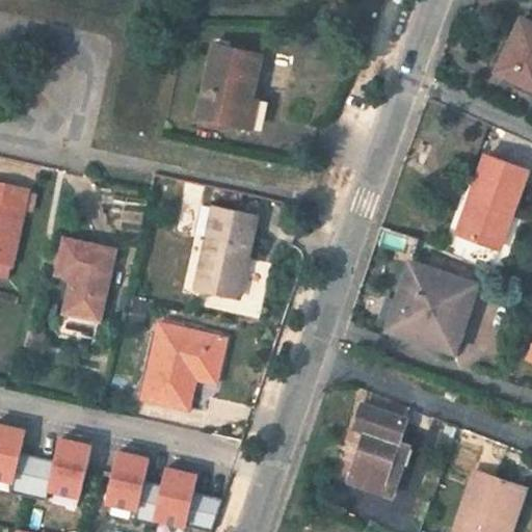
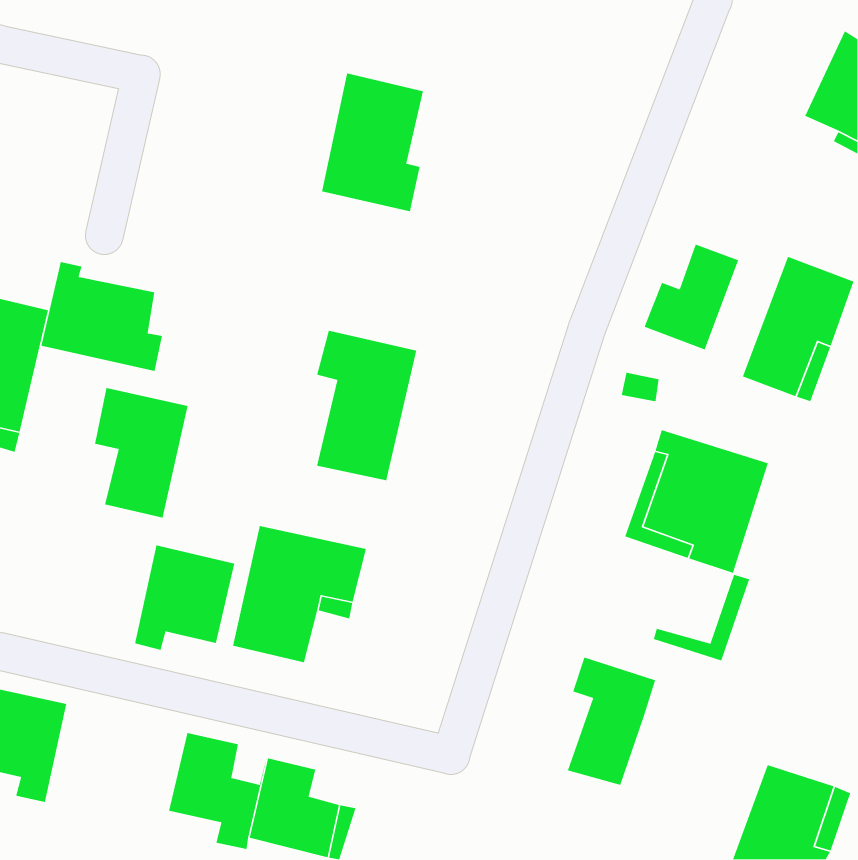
building: none -> [644,244,739,350]
building: none -> [40,261,163,372]
building: [28,434,90,500] -> [134,545,235,651]
building: [348,443,408,497] -> [653,574,750,661]

